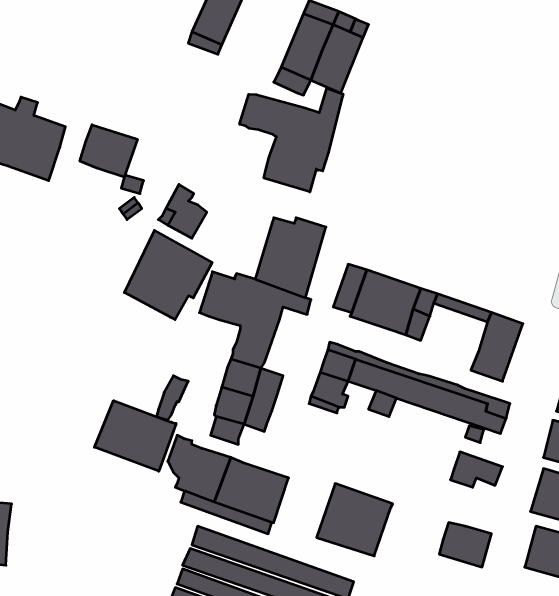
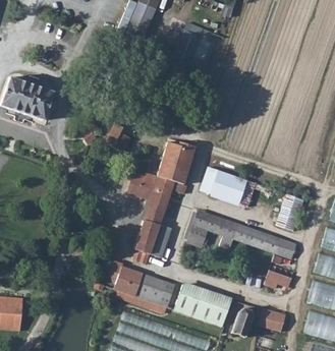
building: [240,88,343,192] -> none
building: [80,125,137,177] -> none
building: [124,230,212,320] -> none
building: [94,401,176,471] -> none
building: none -> [174,282,201,316]
building: none -> [231,307,253,338]

